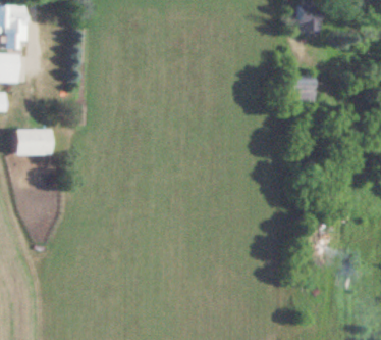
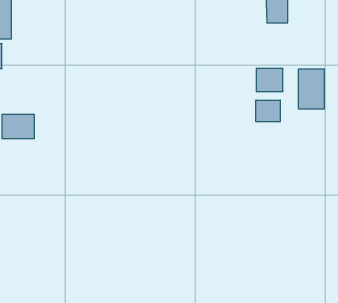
building: none -> [299,69,324,109]
building: none -> [256,100,280,122]

